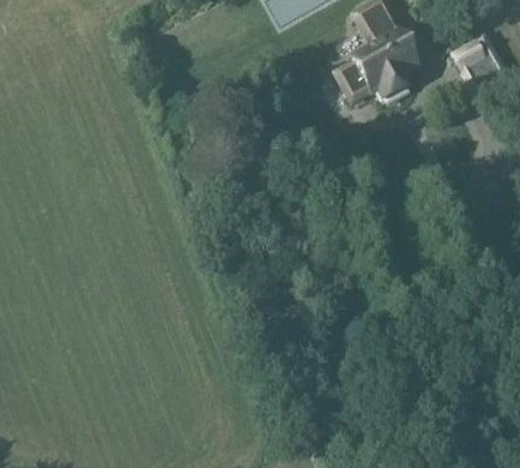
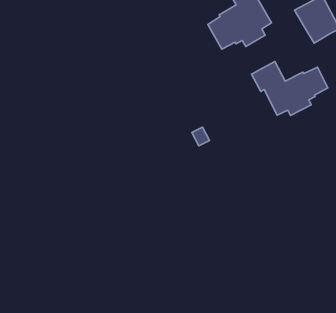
building: none -> [251,61,328,115]

